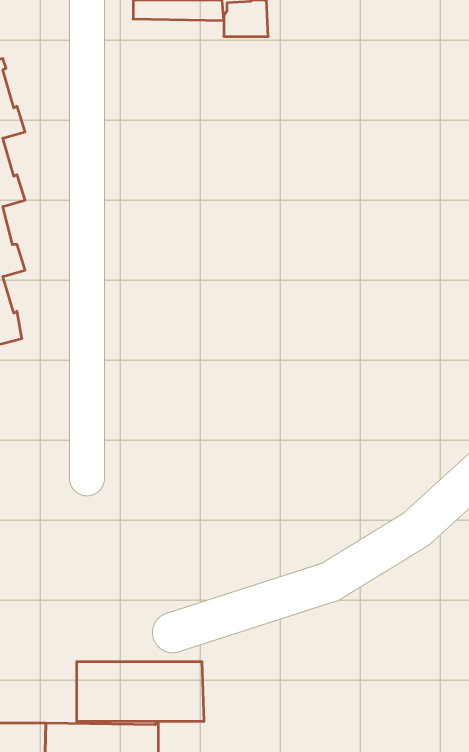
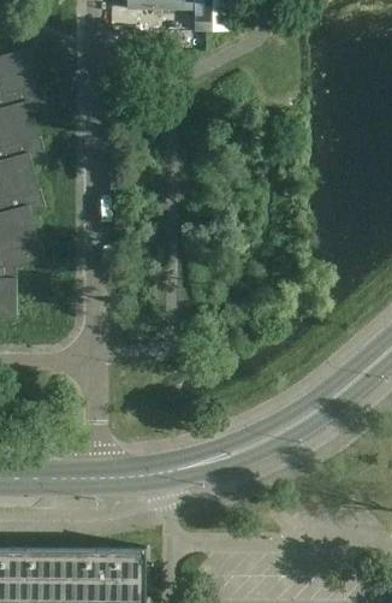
building: [77,662,204,722] -> none

